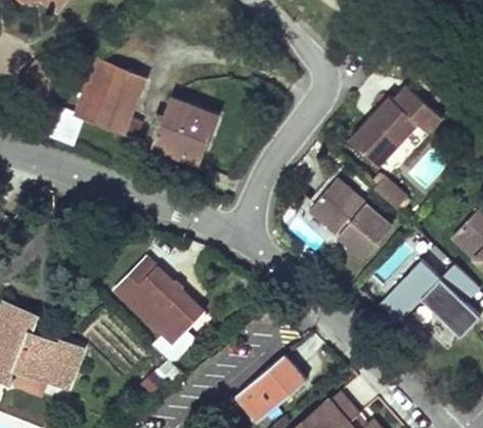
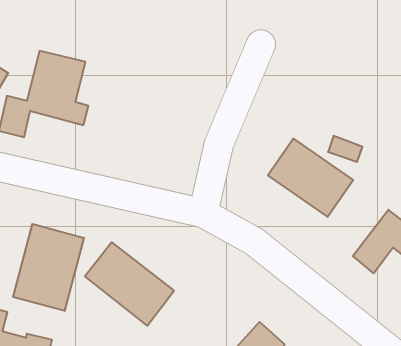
building: [352,82,445,164] -> none
building: [151,100,215,165] -> none
building: none -> [13,224,84,311]

